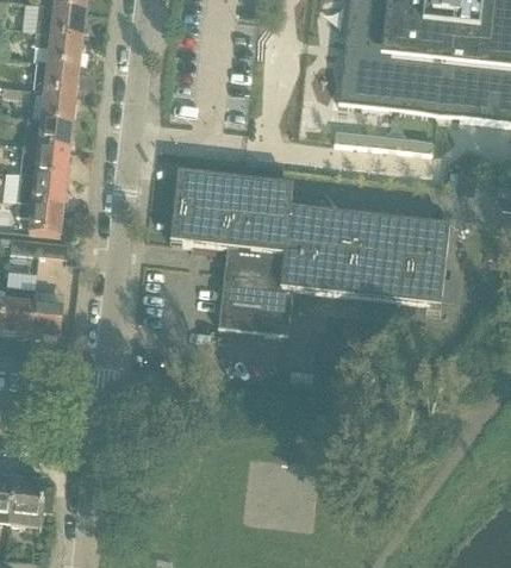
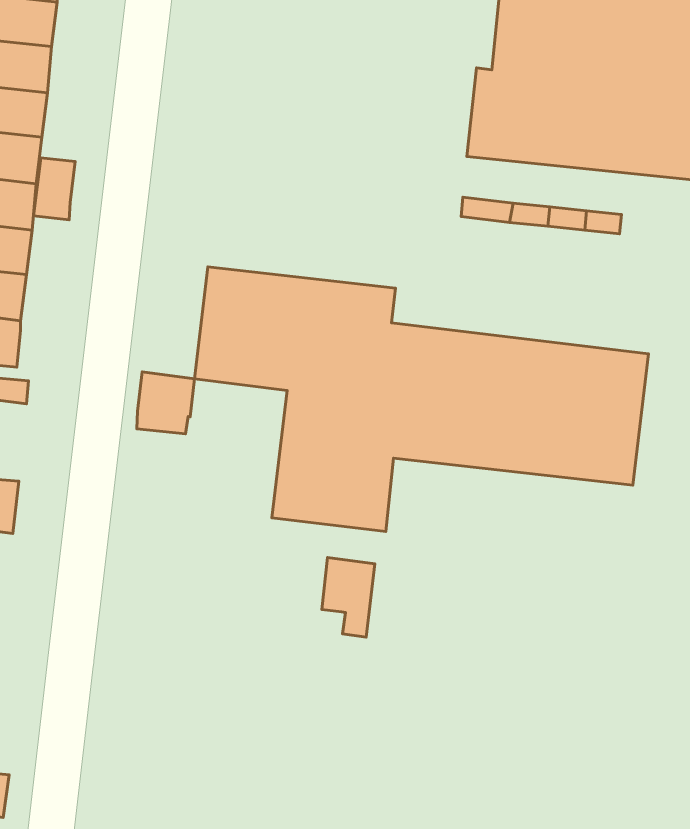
building: none -> [33,158,75,220]
building: none -> [137,372,194,434]
building: none -> [322,557,375,637]

